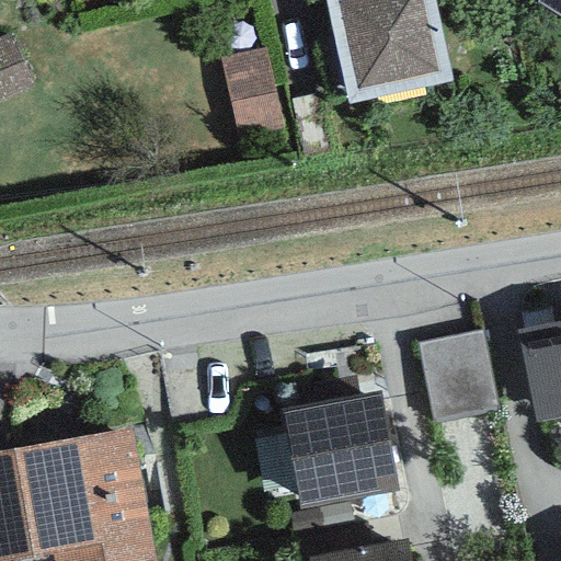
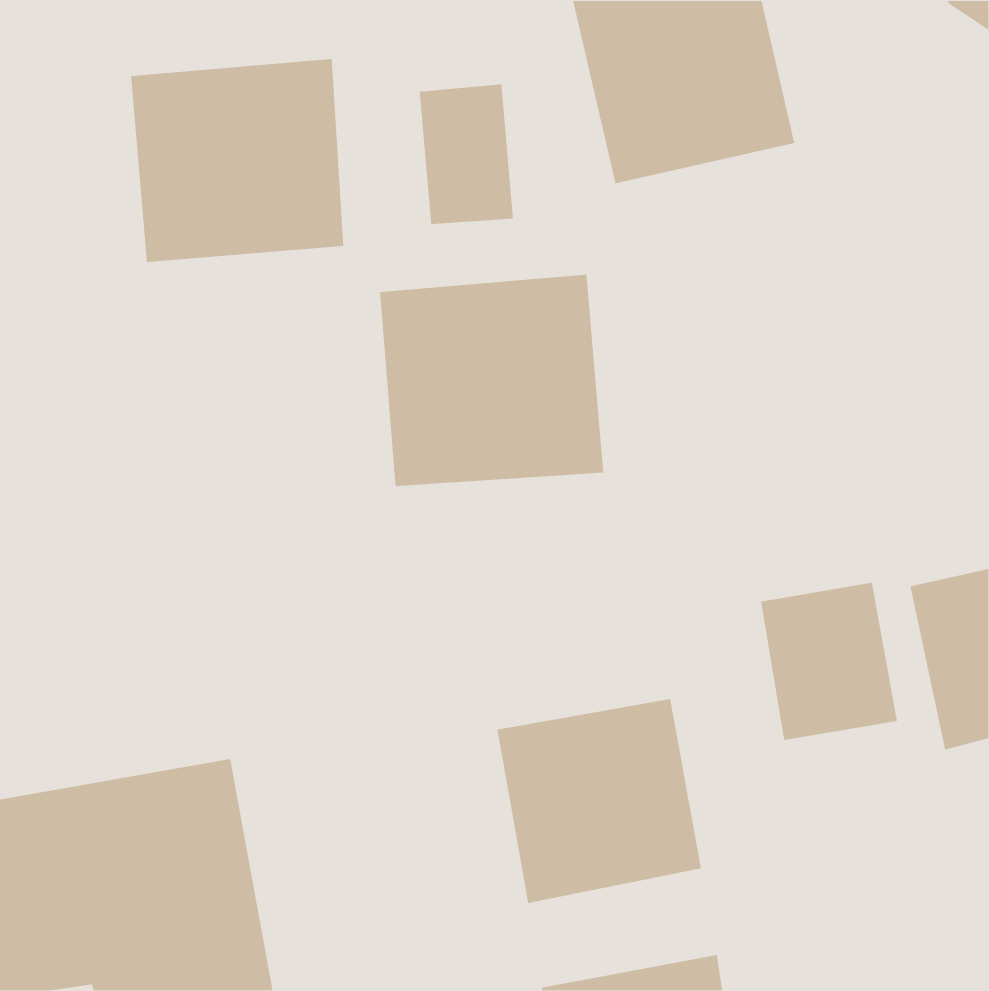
building: none -> [130,58,344,263]
building: none -> [379,274,604,487]

